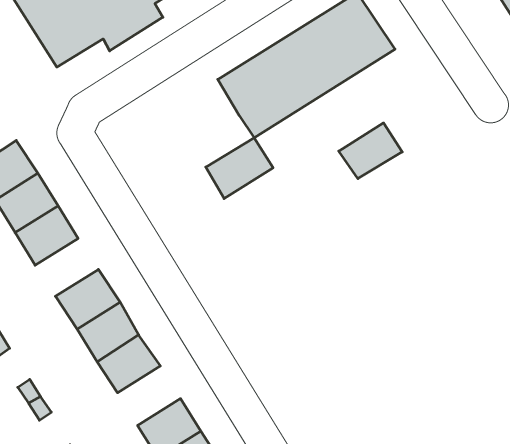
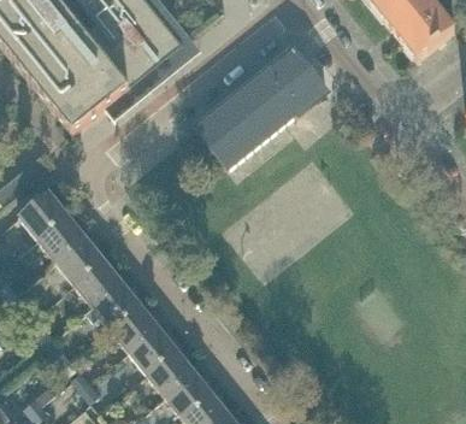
building: [339,123,402,179] -> none
building: [206,138,273,199] -> none
building: none -> [73,259,122,305]
building: none -> [147,348,195,395]

